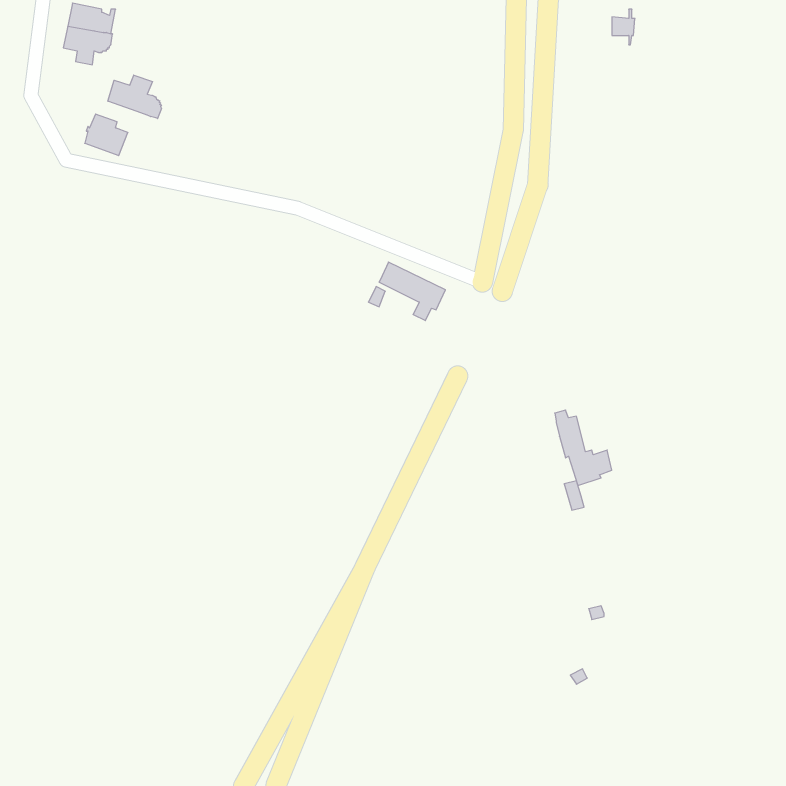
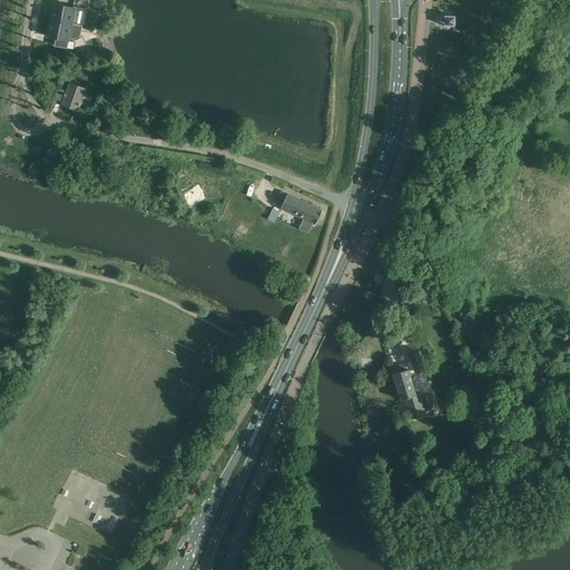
building: [108,75,161,119] -> none
building: [555,410,612,486] -> [392,364,433,419]

